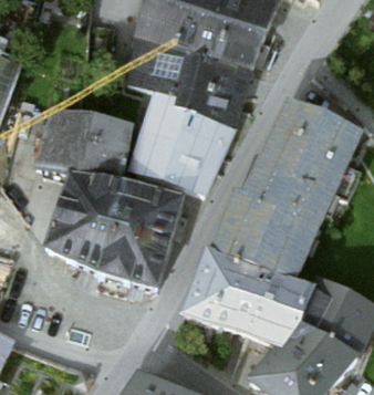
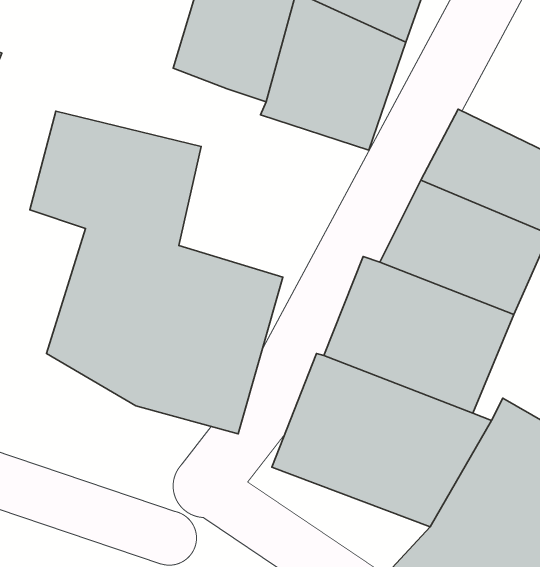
building: [129,87,236,191] -> none

